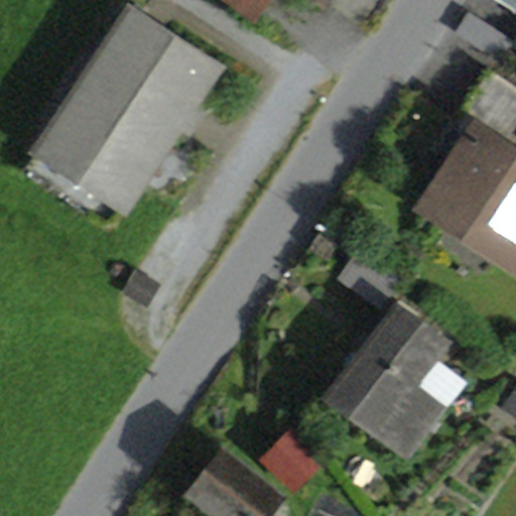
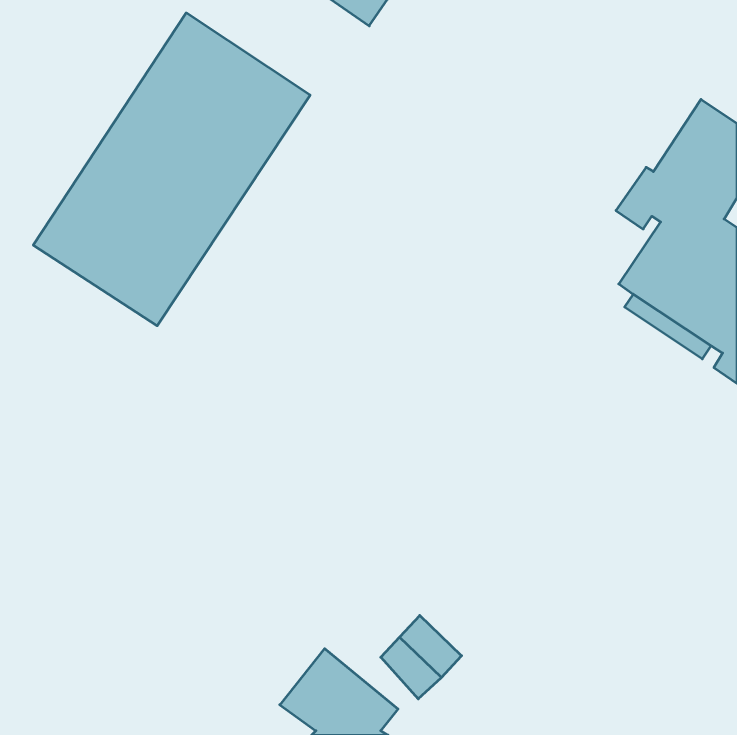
building: [332,301,442,449] -> none

